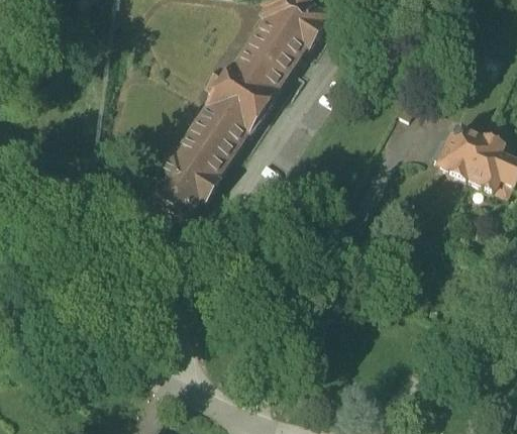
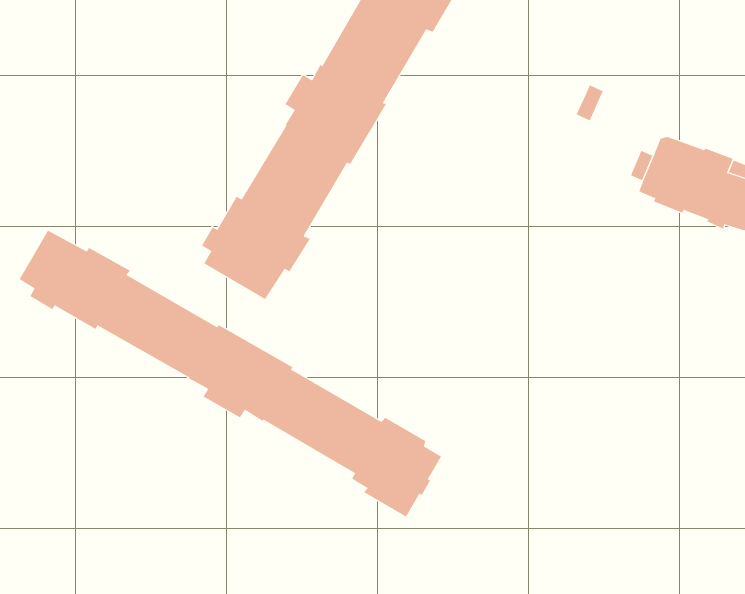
building: none -> [19,230,442,517]

